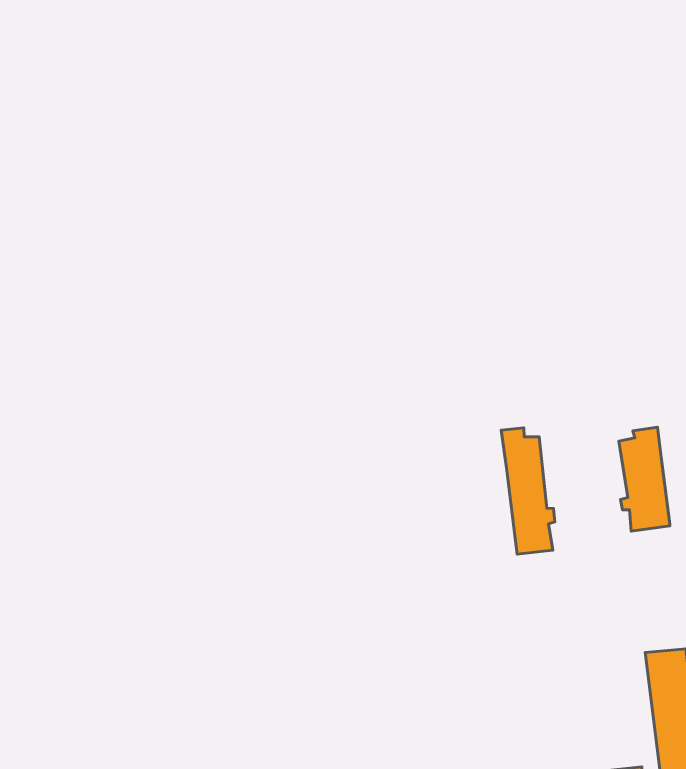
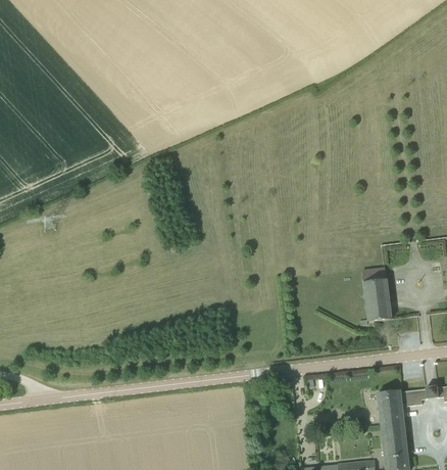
building: [501,428,555,554] -> none

